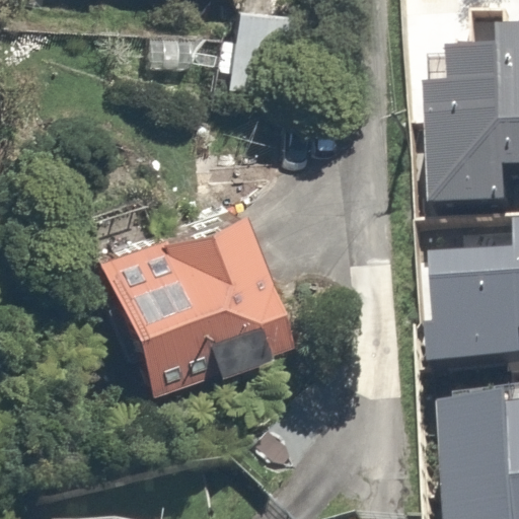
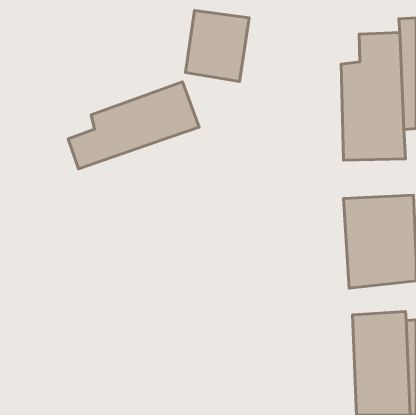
building: none -> [68,82,199,169]
building: [101,217,297,397] -> none

